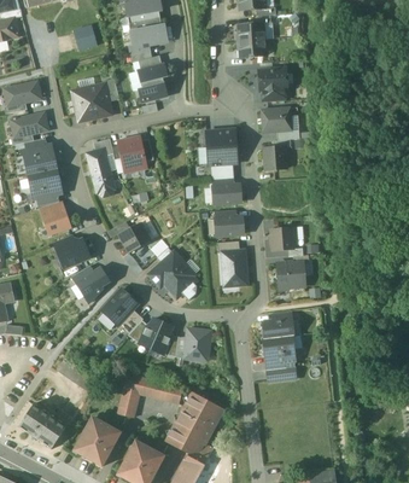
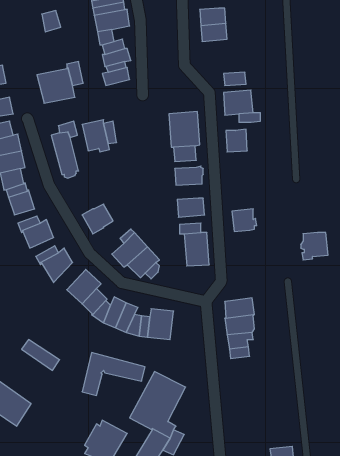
building: [259,68,286,89] -> none
building: [276,262,304,290] -> [301,233,328,260]
building: [77,418,121,465] -> none

